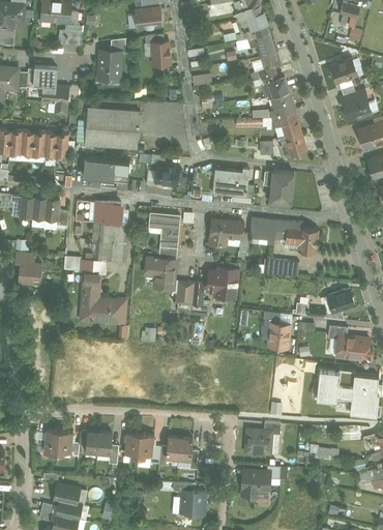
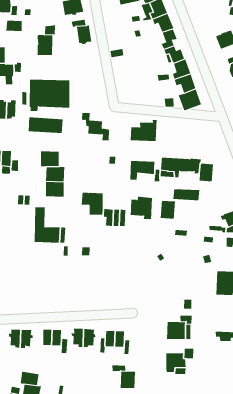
building: [263,171,293,203] -> none
building: [148,213,178,247] -> none
building: [267,323,289,348] -> [160,200,176,219]

